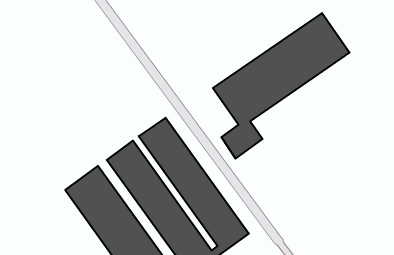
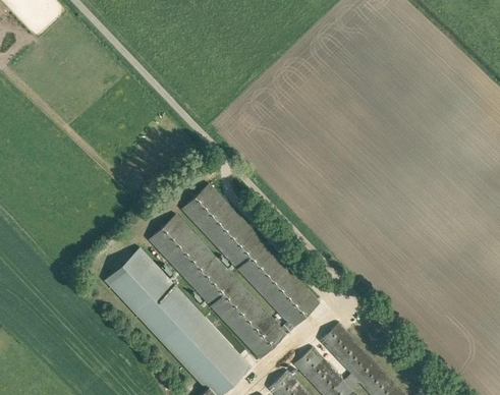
building: [213,13,350,159] -> none

